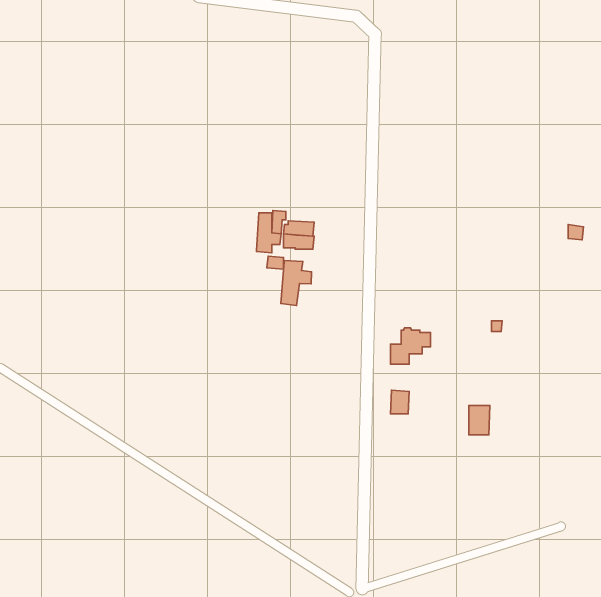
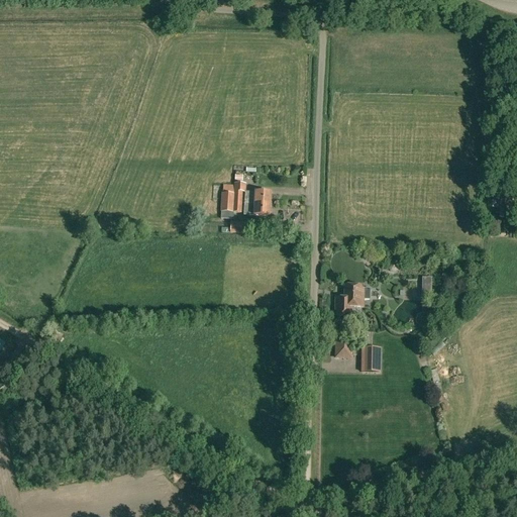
building: [281,260,311,306] -> none
building: [469,406,490,435] -> [363,345,381,371]

